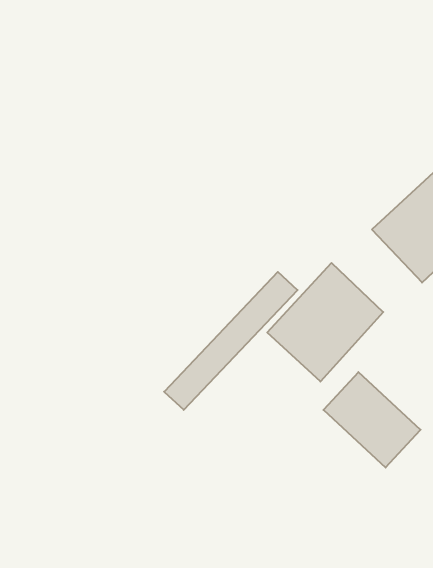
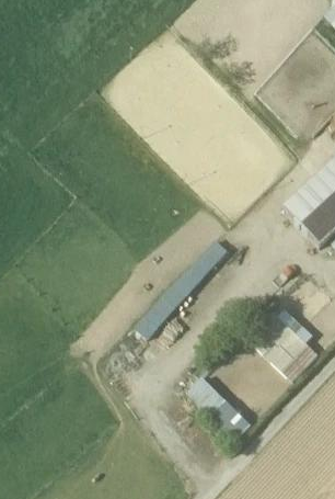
building: [267,263,383,382] -> none
building: none -> [189,376,250,438]

